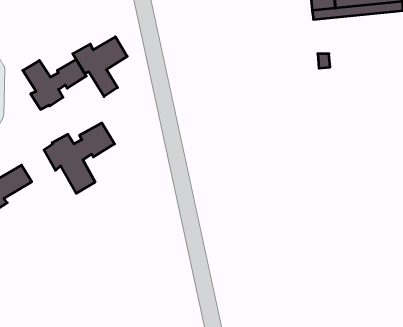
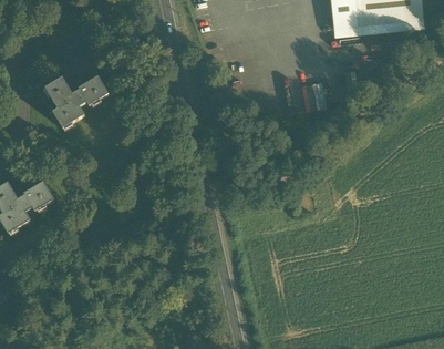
building: [73,37,127,97] -> none
building: [44,123,115,193] -> none

